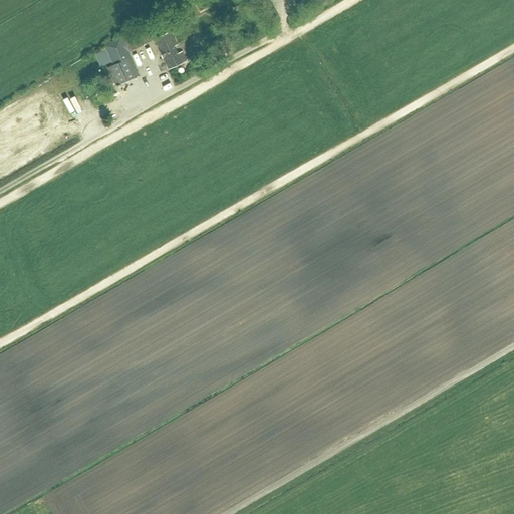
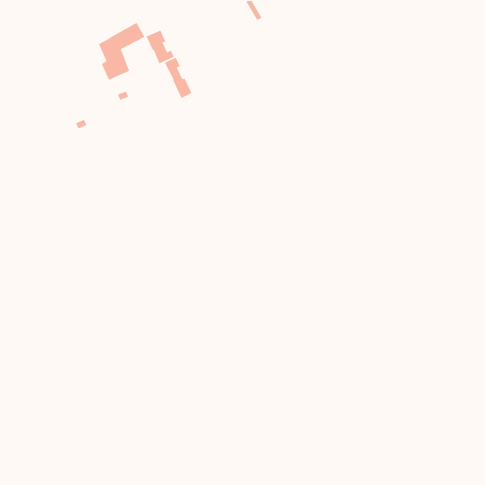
building: none -> [164,56,192,99]

